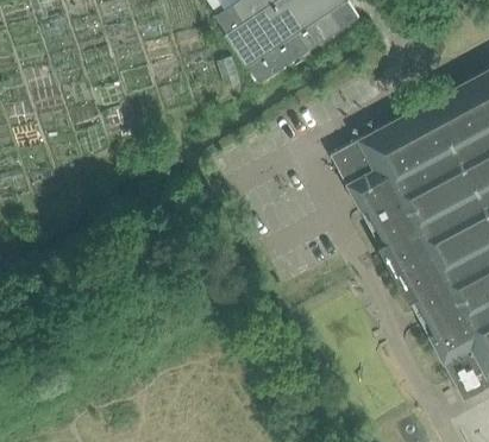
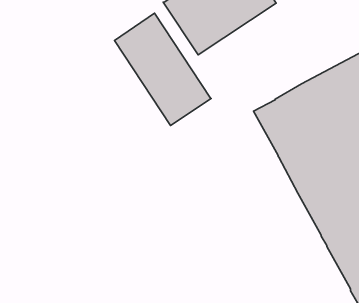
building: none -> [114,13,211,125]

